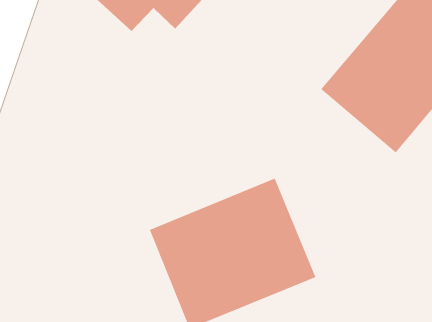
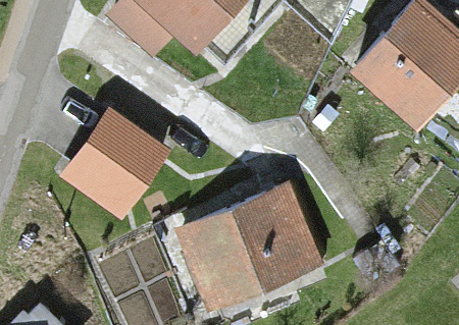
building: none -> [64,104,176,217]

